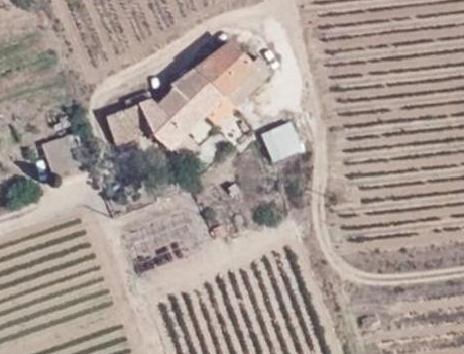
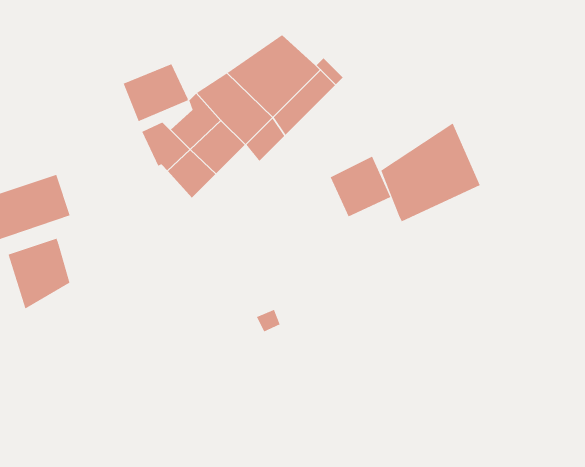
building: none -> [380,122,481,222]
building: [104,106,147,144] -> [123,64,189,122]
building: none -> [8,238,70,310]

